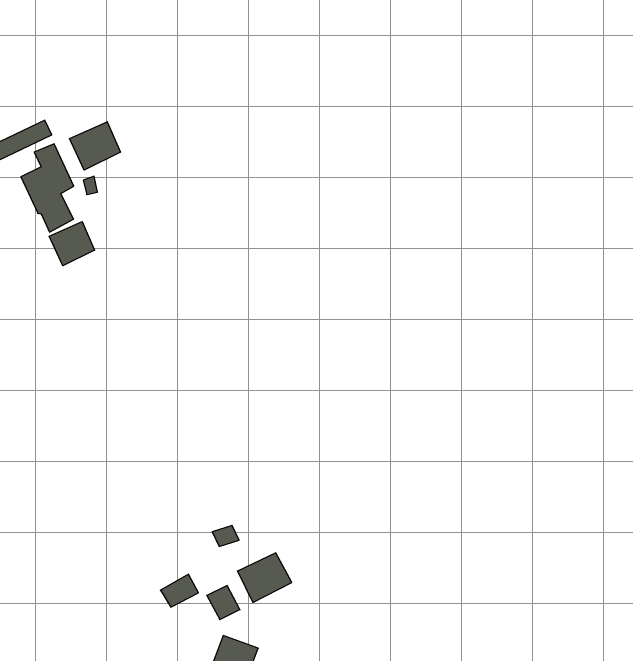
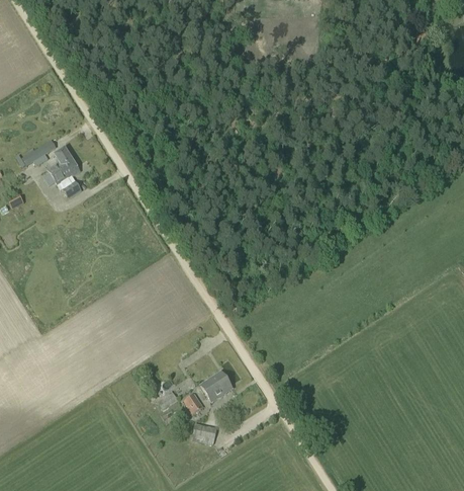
building: [69,122,120,170] -> none
building: [49,222,95,266] -> none

